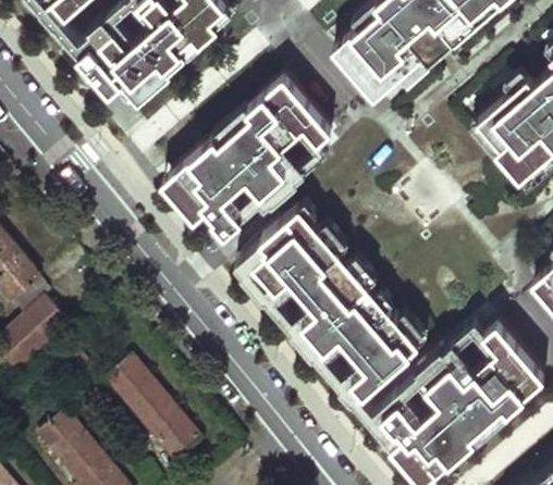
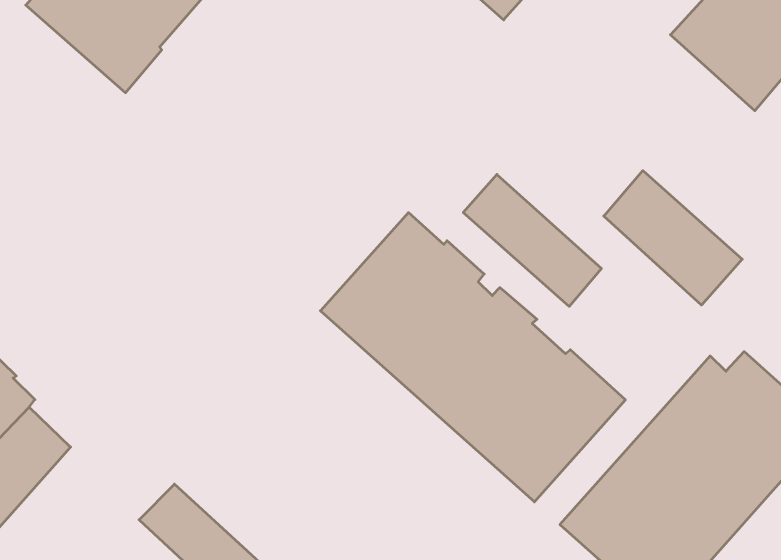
building: [167,77,340,233] -> none
building: none -> [463,174,601,306]
building: none -> [604,171,742,305]

